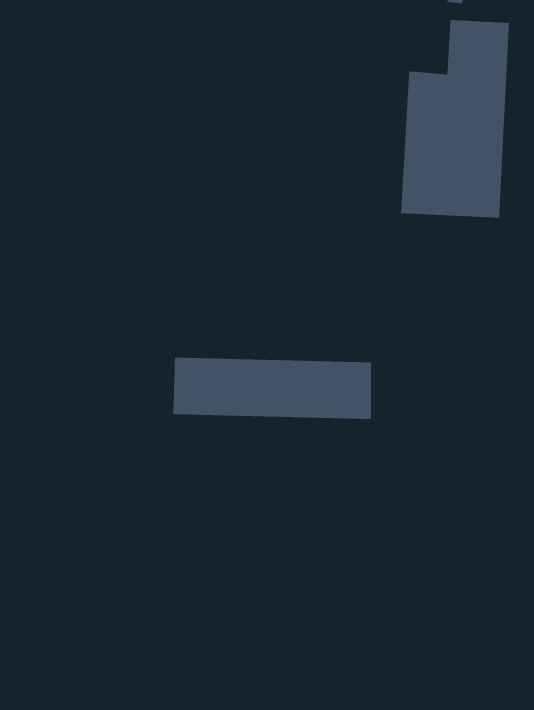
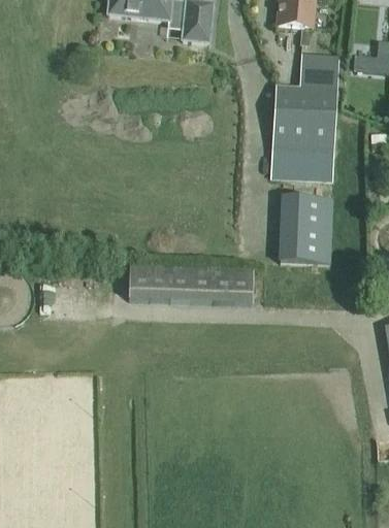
building: none -> [278,194,333,262]

